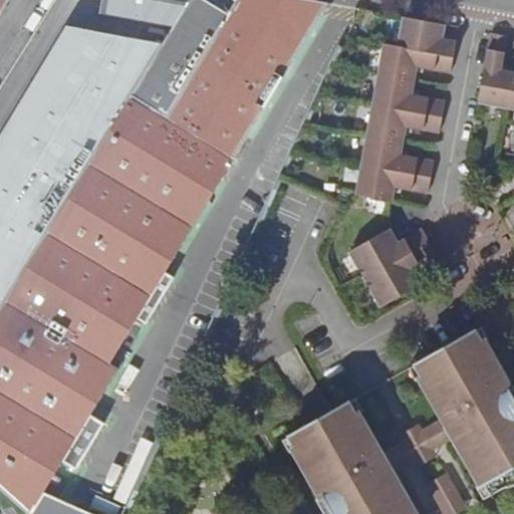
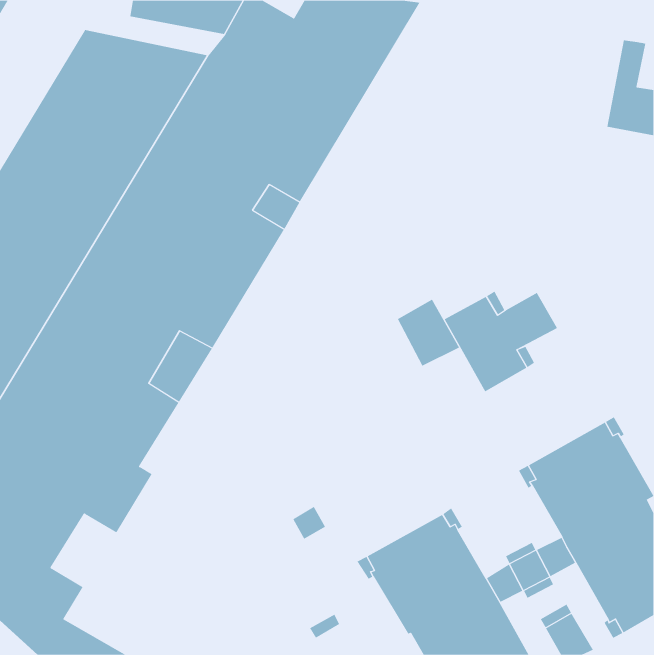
building: [354,15,456,200] -> none
building: none -> [397,299,460,367]
building: [40,403,91,460] -> none

